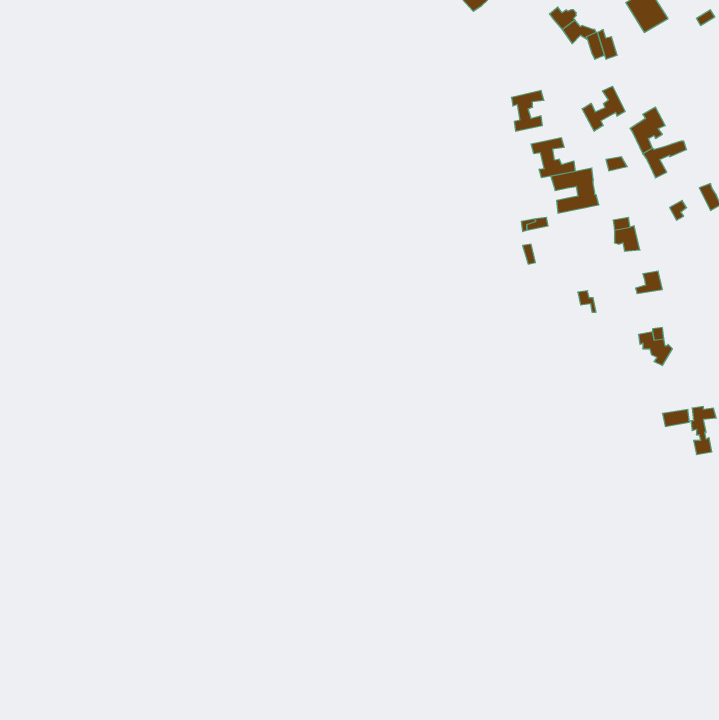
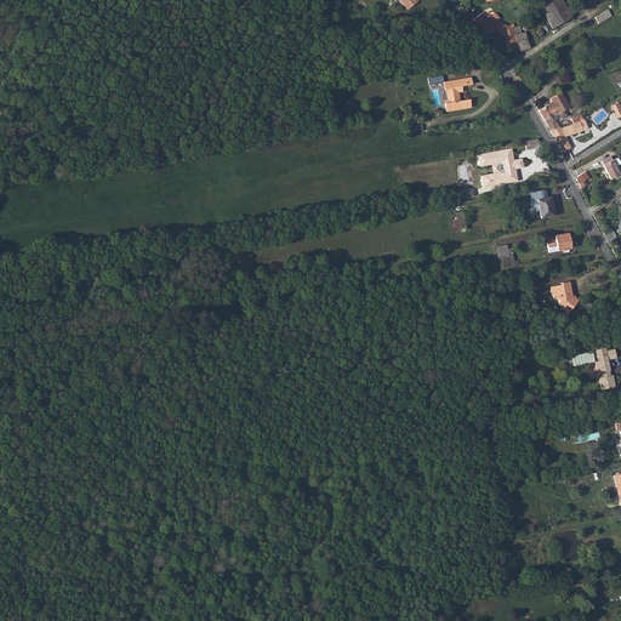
building: [582,86,625,131] -> none
building: [531,138,575,178] -> none

